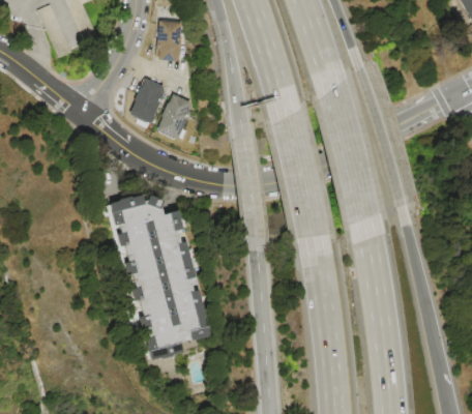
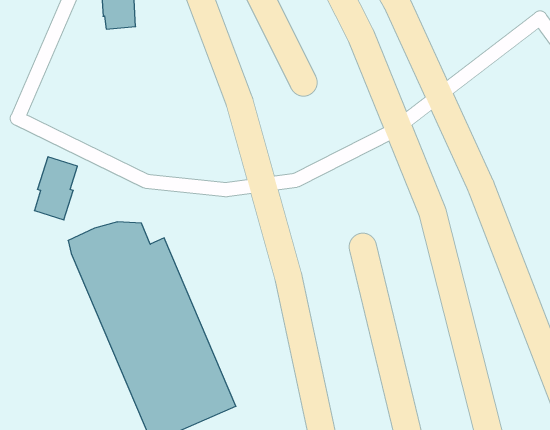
building: [129,77,164,122] -> [34,157,77,220]
building: [156,92,191,139] -> none

